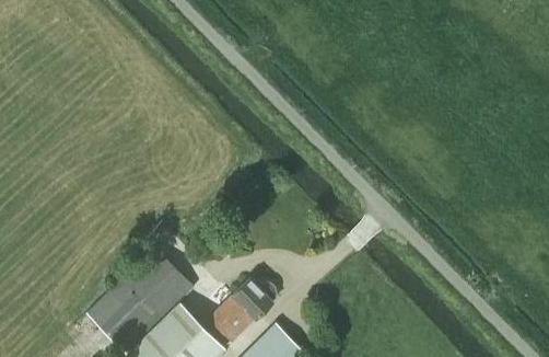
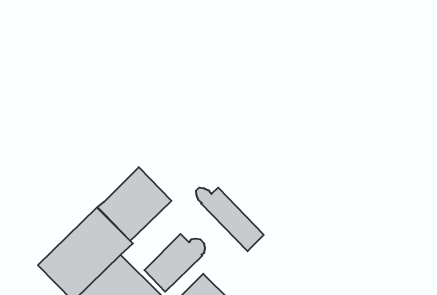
building: none -> [98,167,171,241]
building: none -> [196,188,264,251]

